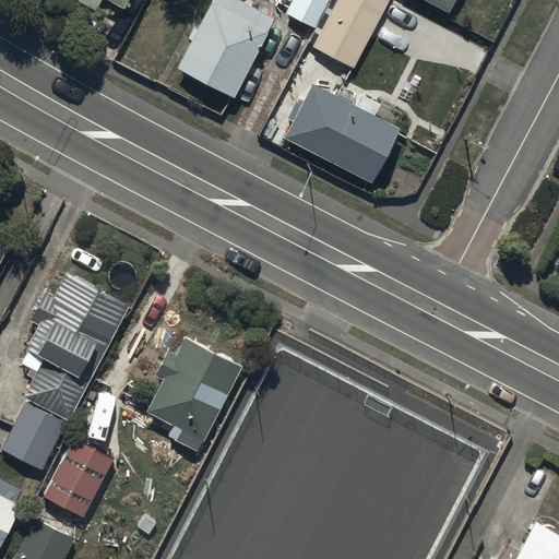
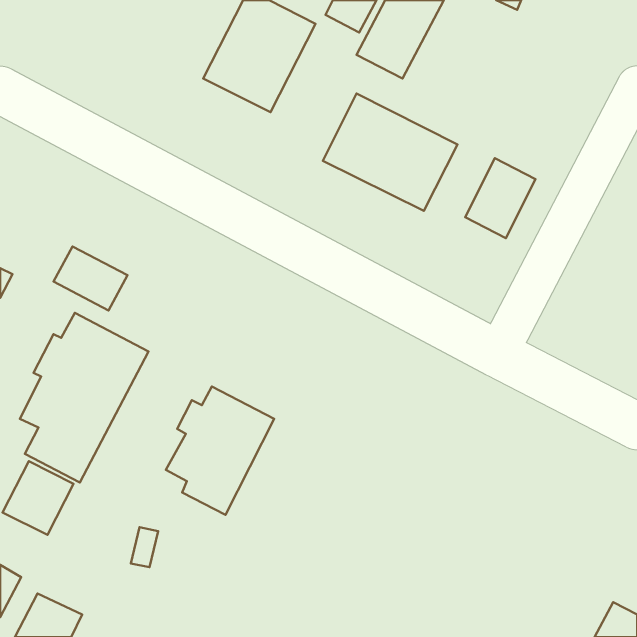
building: none -> [465,158,535,238]
building: none -> [53,246,128,310]
building: [44,438,114,518] -> none

